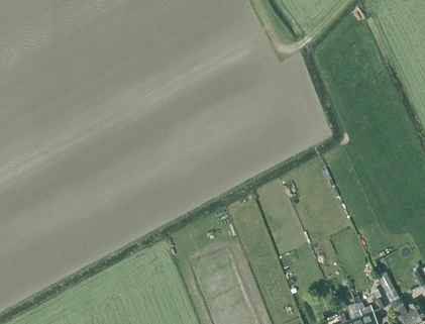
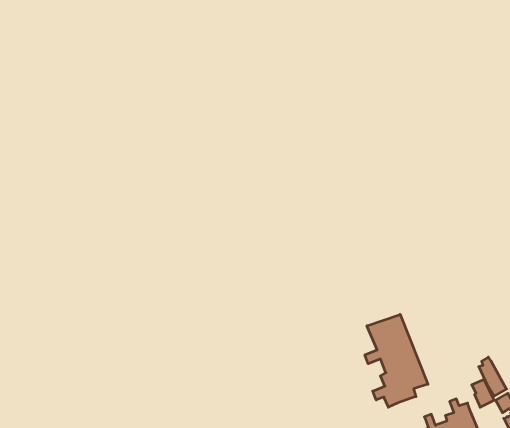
building: none -> [365,314,428,407]

